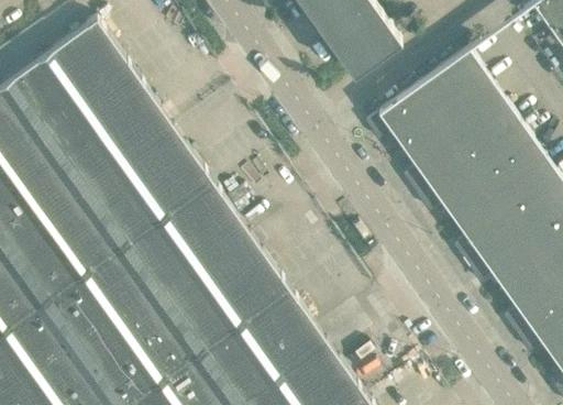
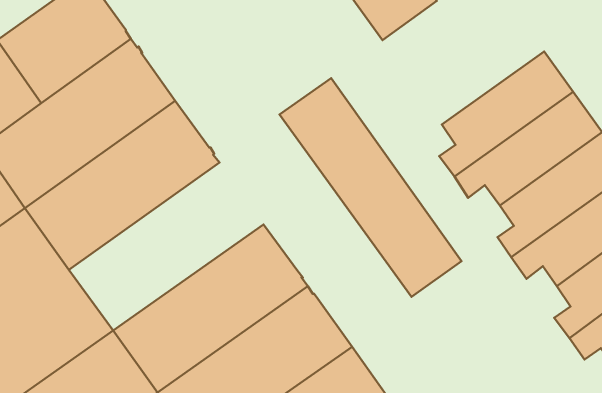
building: [364,48,494,149] -> none
building: none -> [280,78,462,297]
building: [80,182,250,328] -> none

